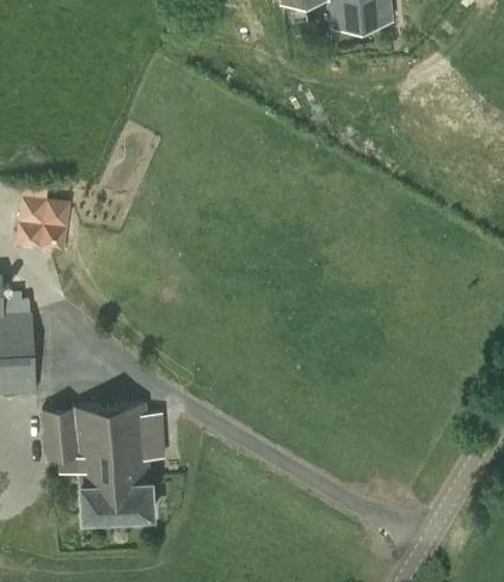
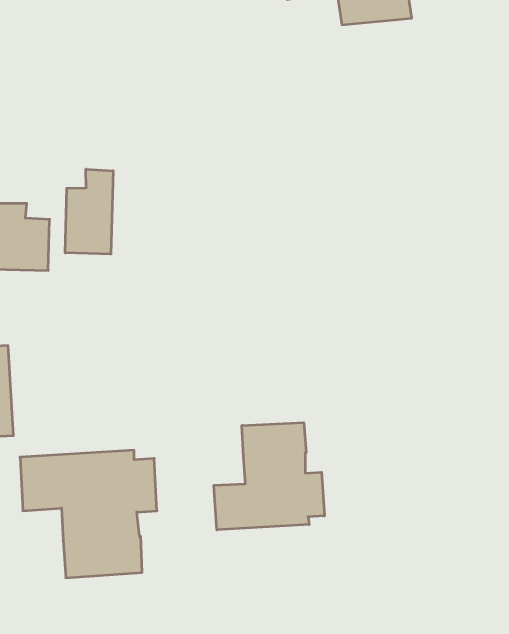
building: none -> [65,169,113,254]
building: none -> [214,423,324,530]

